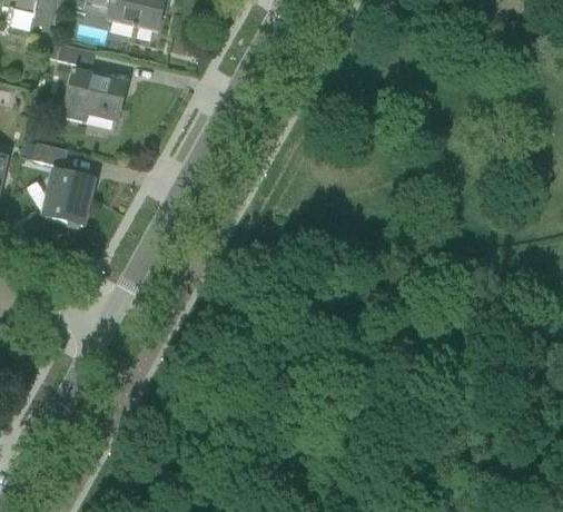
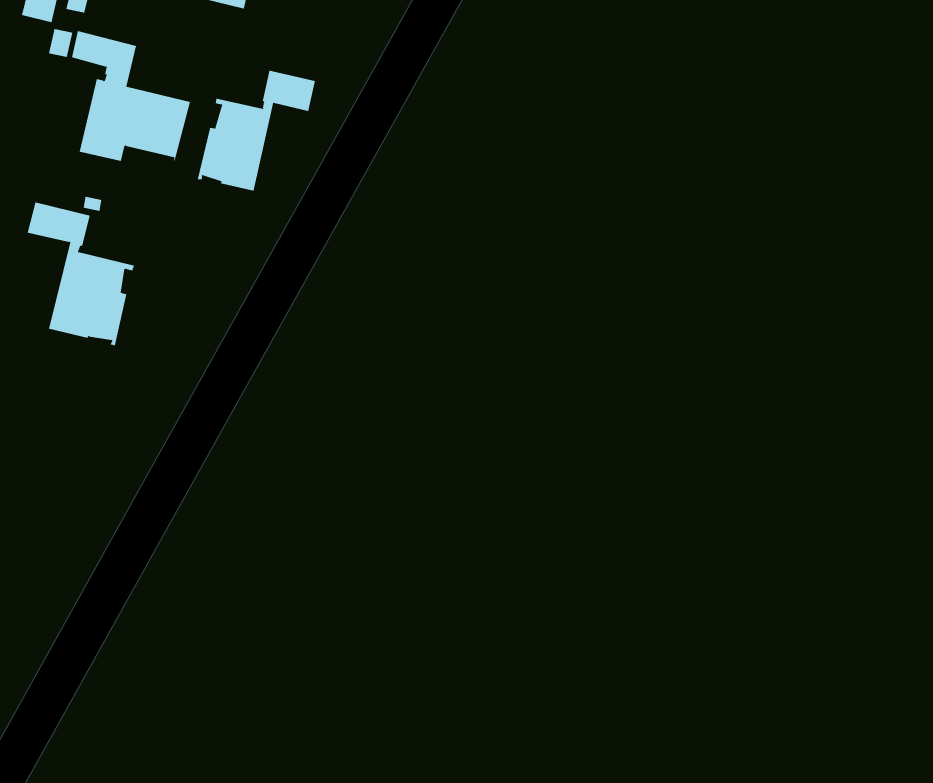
building: none -> [197,70,316,191]

